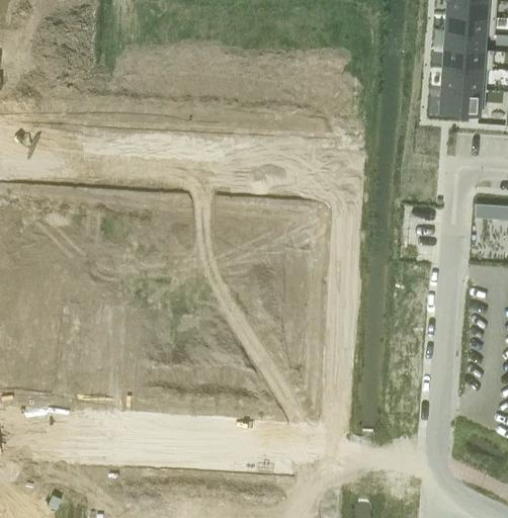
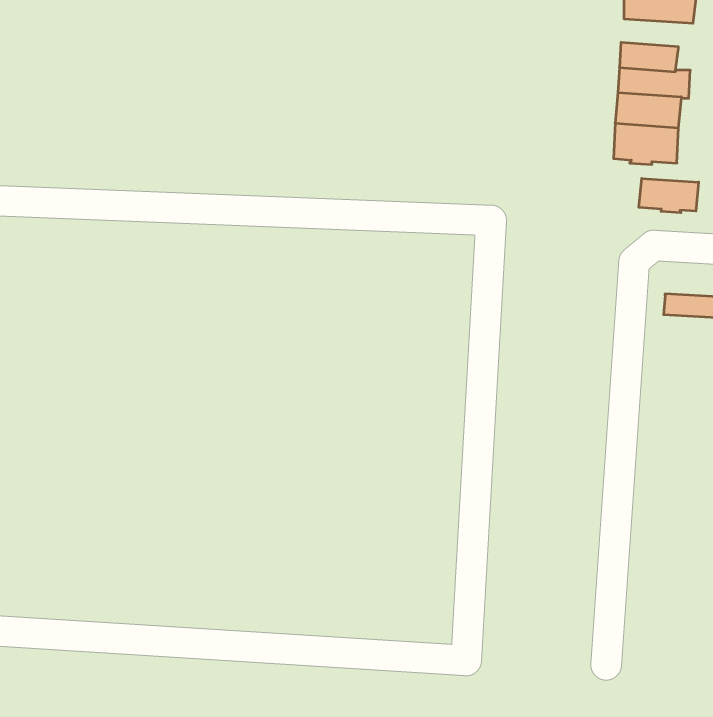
building: [443,14,493,35] -> none
building: none -> [639,178,699,213]

